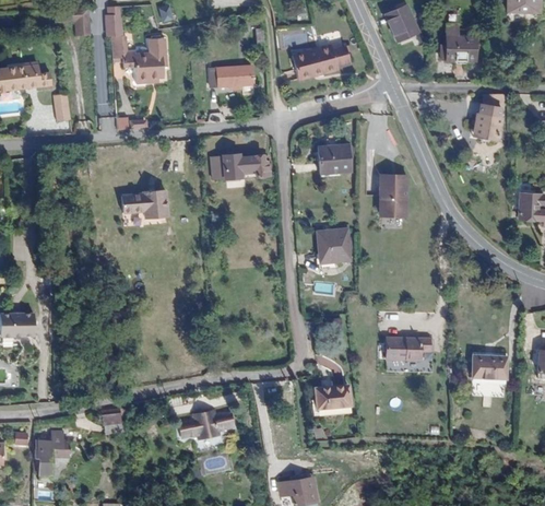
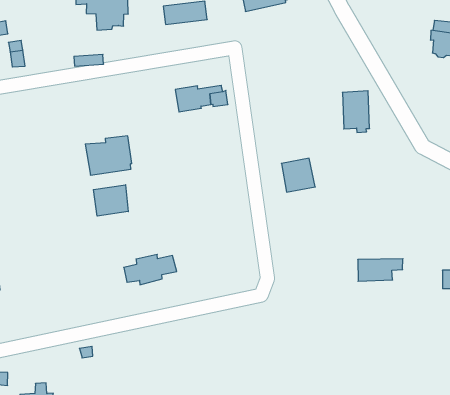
building: [318,144,351,174] -> none
building: none -> [93,185,128,216]
building: [311,373,349,405] -> none
building: [177,415,230,445] -> [124,254,177,285]

